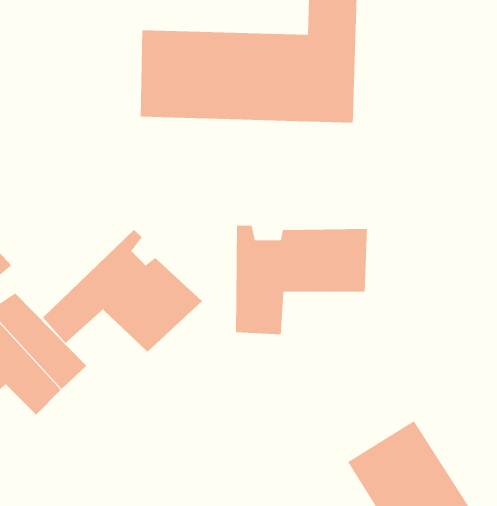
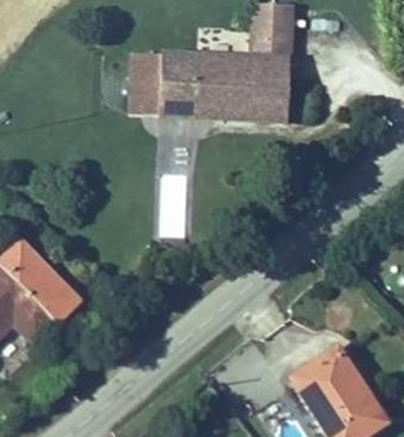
building: [235,225,368,335] -> none
building: [42,229,203,353] -> none

